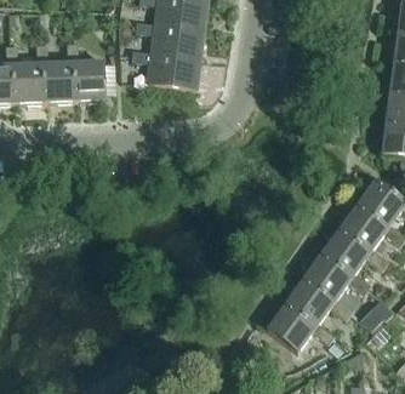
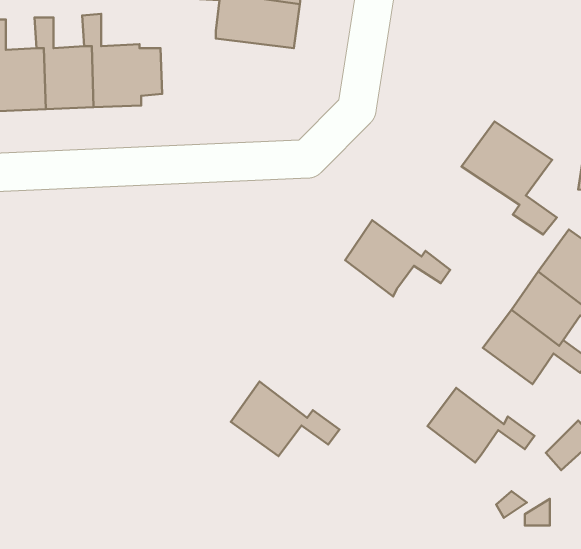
building: [132,50,200,90] -> none
building: none -> [462,121,557,234]
building: [303,253,370,302] -> [345,220,450,297]
building: [267,303,336,350] -> [231,382,340,456]

